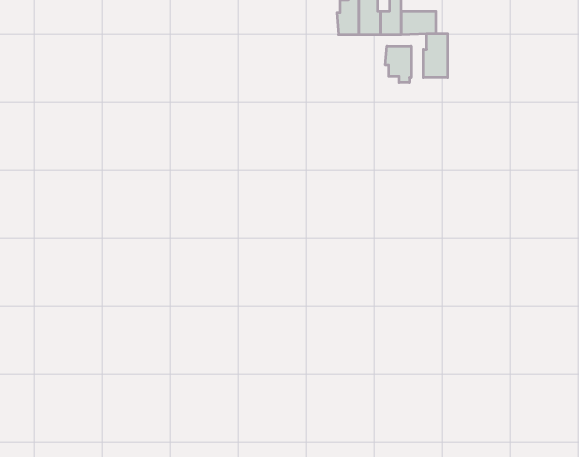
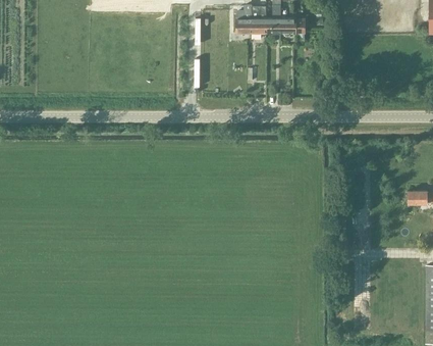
building: [423,34,448,78] -> none
building: [385,46,411,83] -> none

